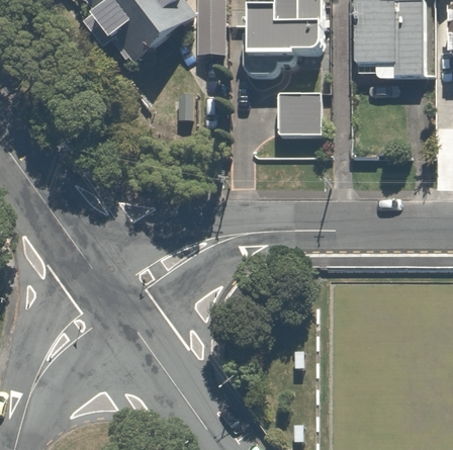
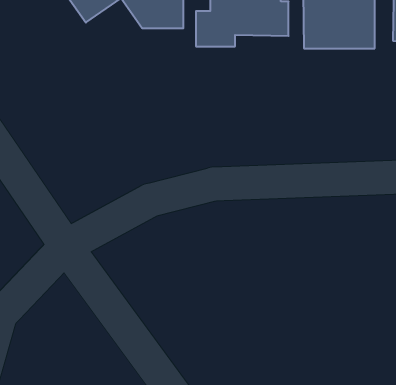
building: [280,87,329,133] -> none

